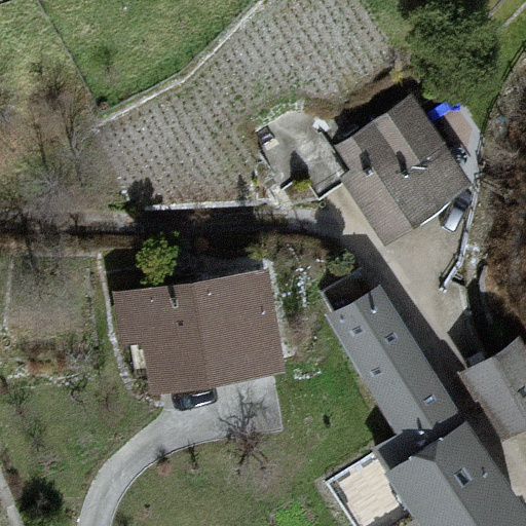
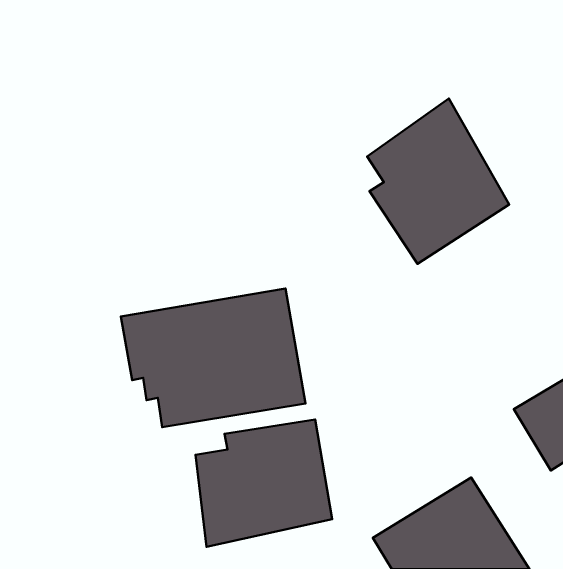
building: [325,301,453,442] -> none
building: none -> [196,419,332,547]

